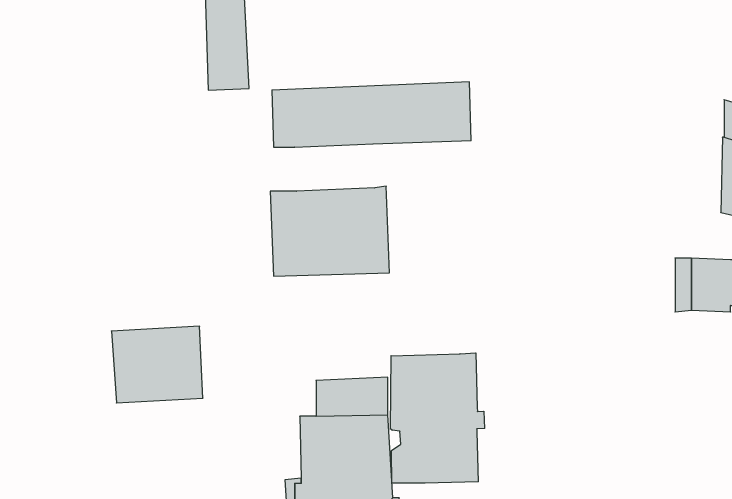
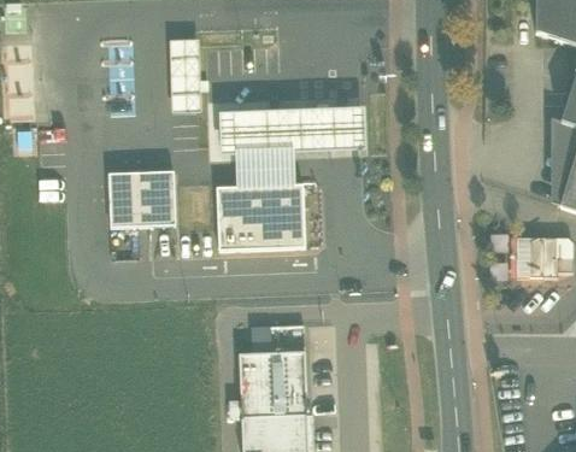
building: none -> [235,151,294,186]
building: [111,326,203,403] -> [107,169,175,225]
building: [390,353,485,483] -> none

